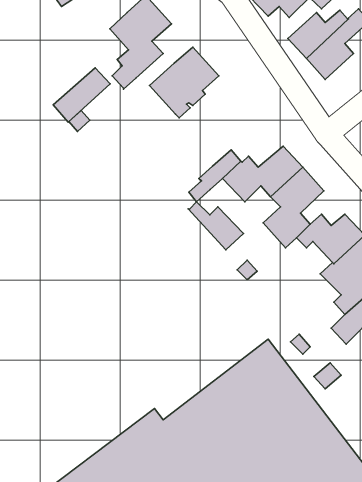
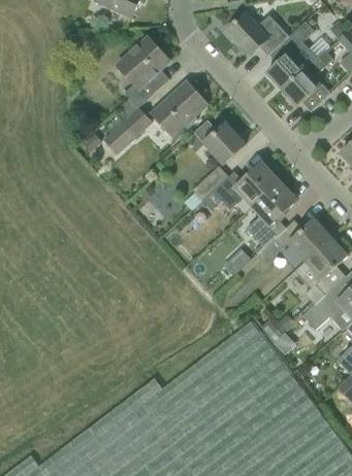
building: [53,68,110,122] -> [103,107,151,152]
building: none -> [203,123,246,165]
building: [188,202,244,250] -> none

